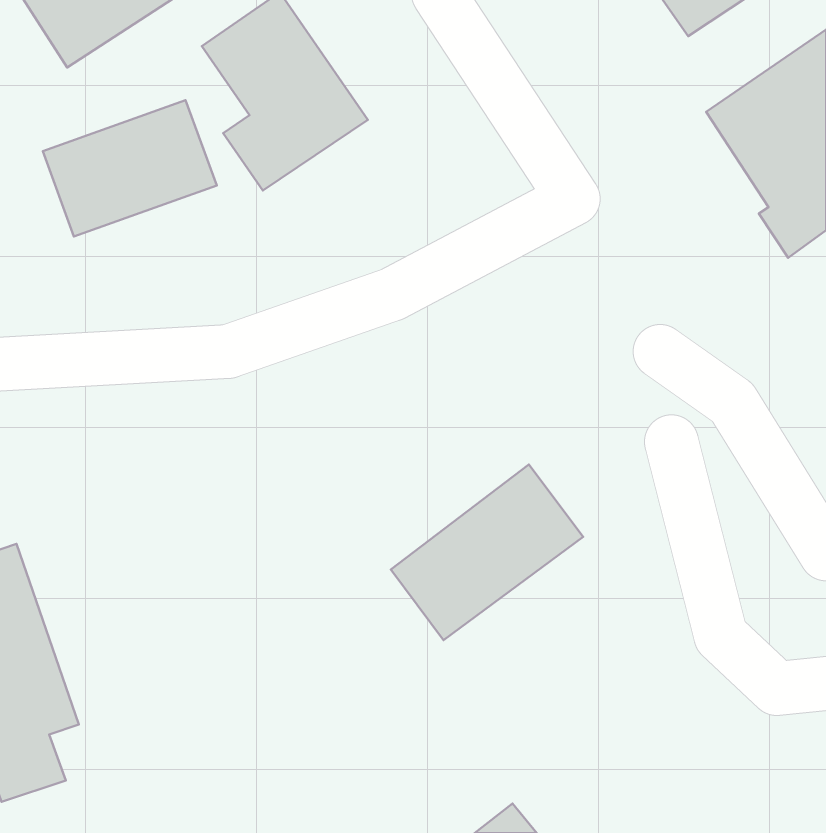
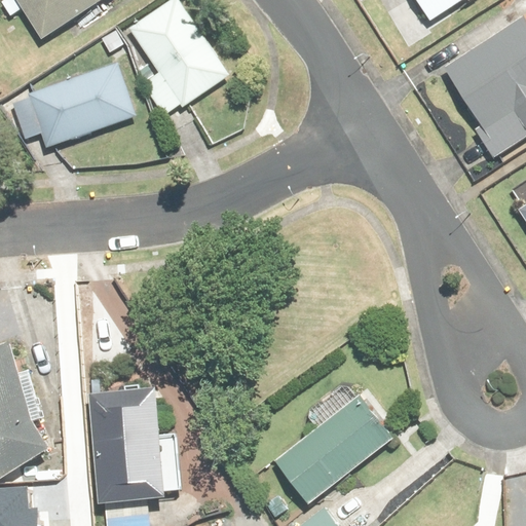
building: [391,464,583,640] -> [272,392,392,502]
building: none -> [88,384,168,502]

